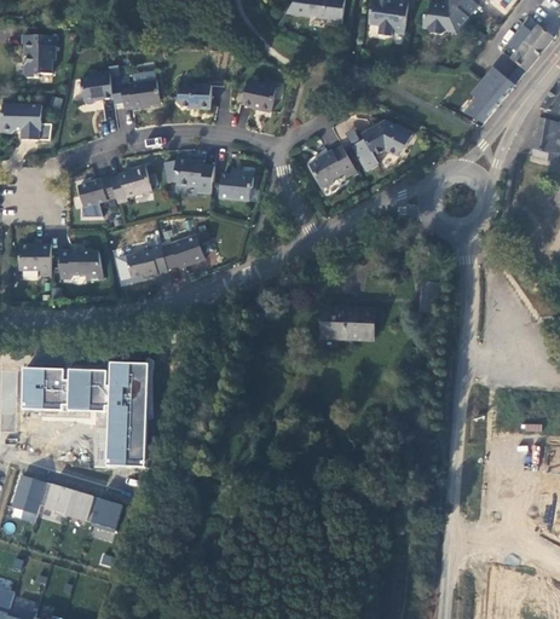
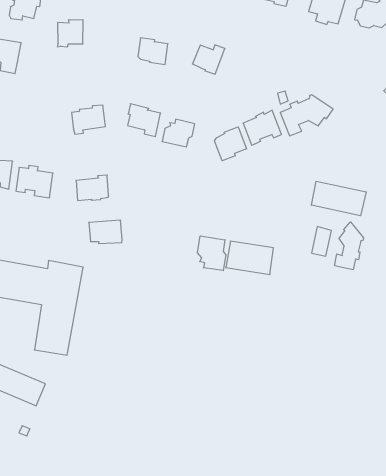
building: [121,81,161,109] -> none
building: none -> [215,127,247,161]
building: [79,179,116,219] -> none
building: none -> [311,181,366,216]
building: [162,241,203,271] -> [89,220,122,244]
building: none -> [335,222,363,270]
building: none -> [198,236,226,271]

